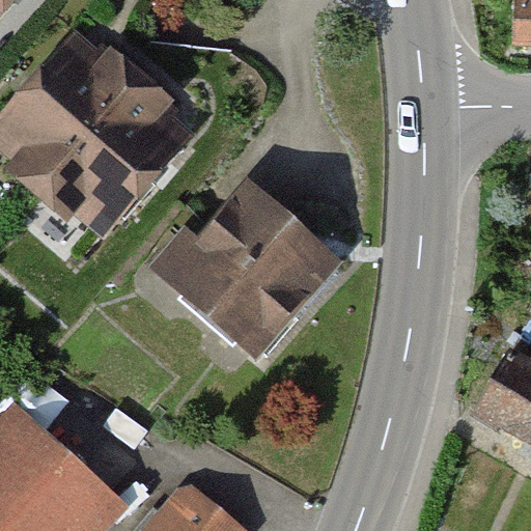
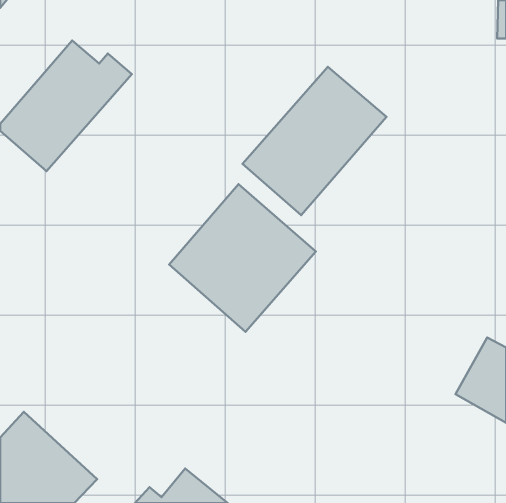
building: none -> [243,67,387,215]
building: [49,78,181,227] -> none

